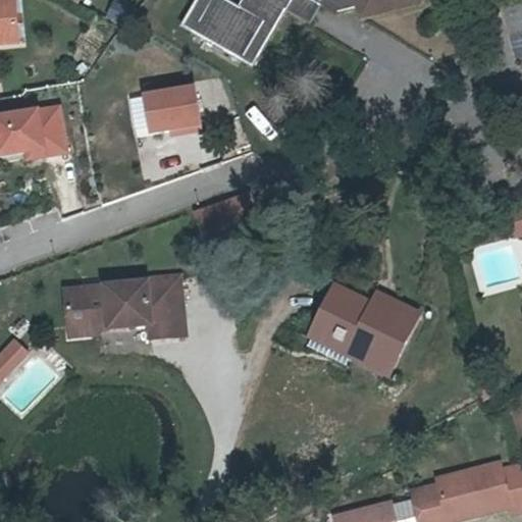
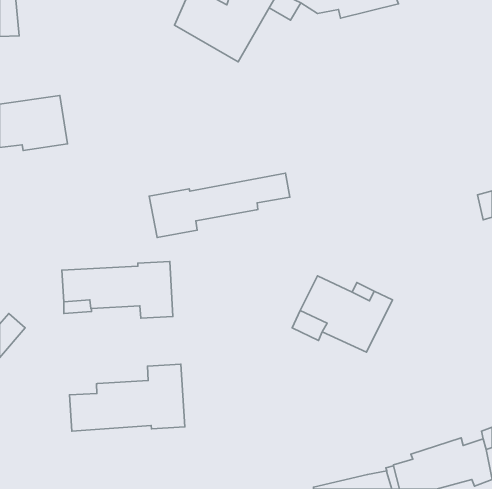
building: [143,84,205,136] -> none
building: none -> [149,173,290,237]
building: none -> [70,364,185,431]

